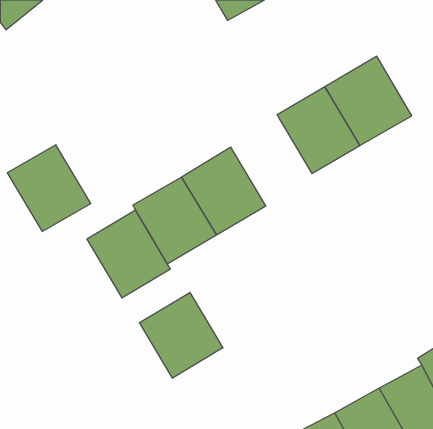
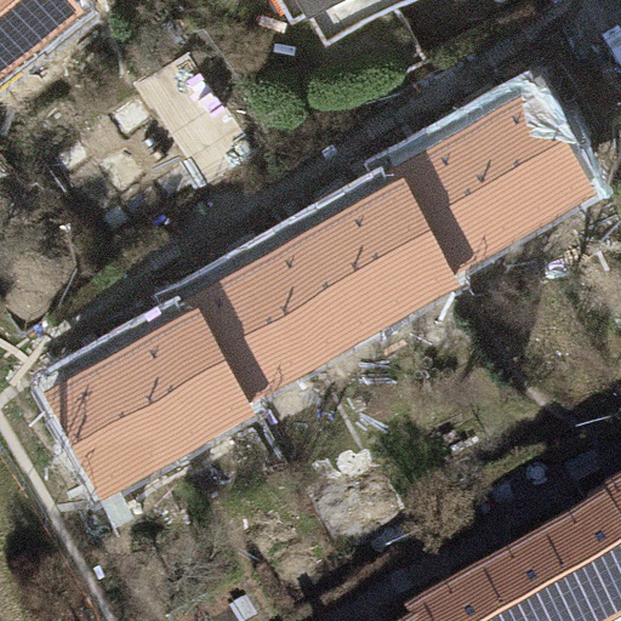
building: none -> [332,178,450,302]
building: [7,145,91,232] -> [58,349,177,473]
building: [139,292,223,378] -> none

